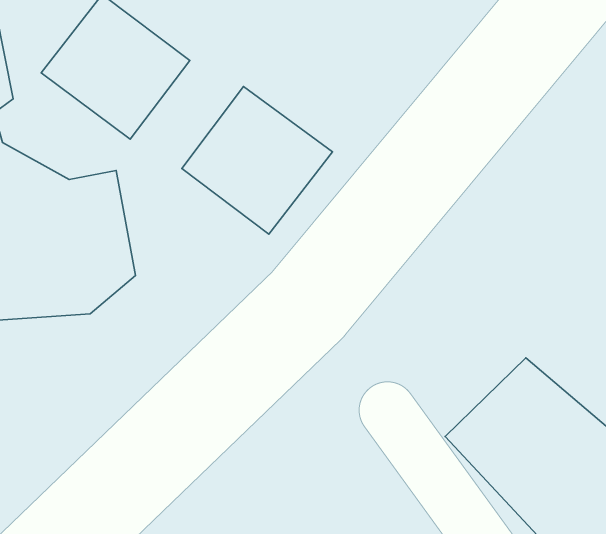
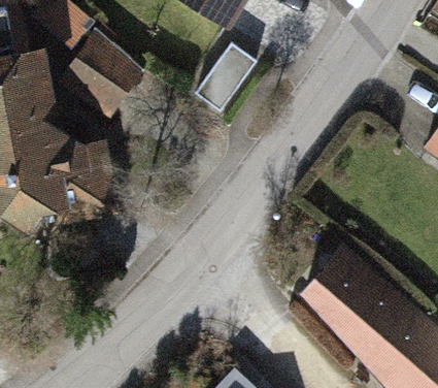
building: [182,86,332,234] -> none

